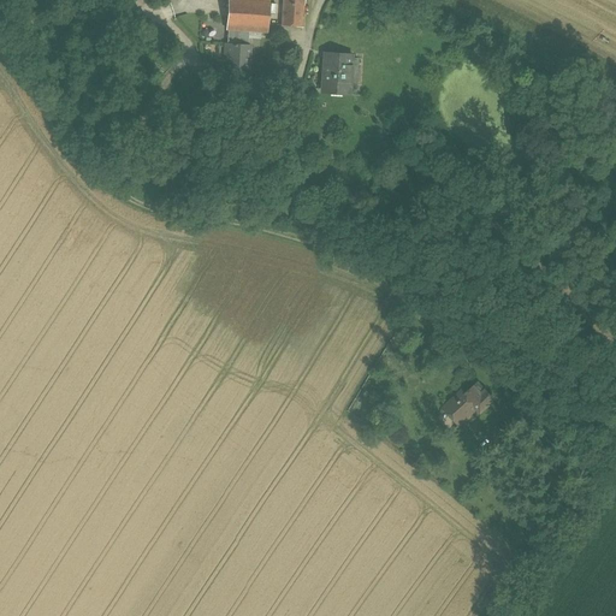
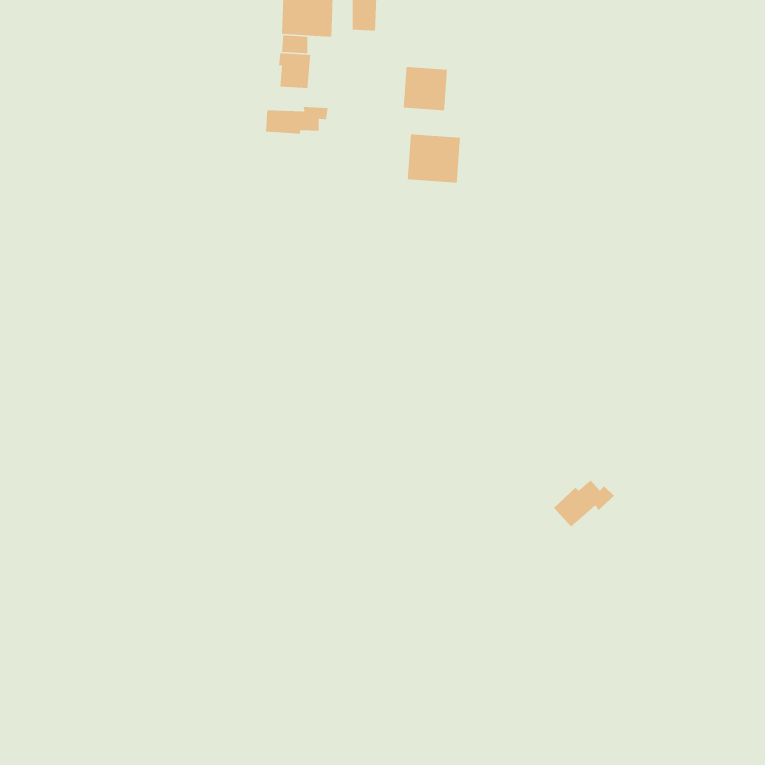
building: none -> [265,106,328,134]
building: none -> [407,133,461,183]

